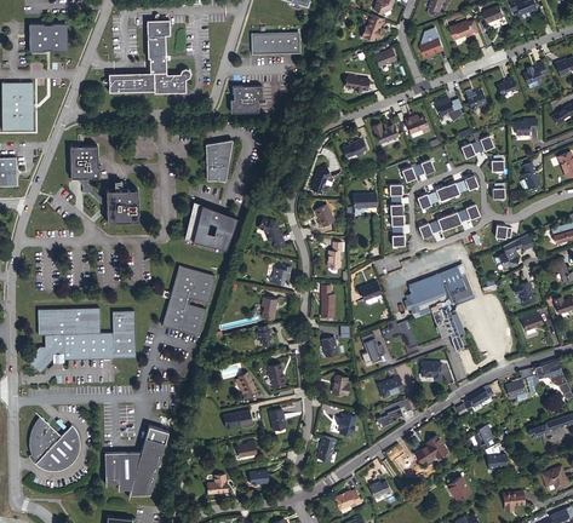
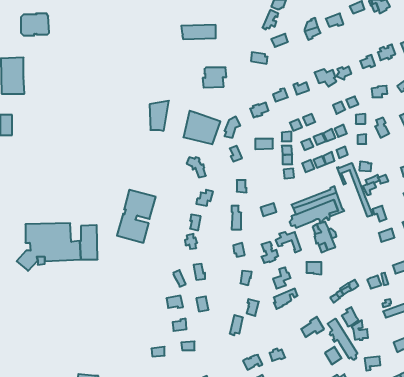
building: [109,21,191,93] -> none
building: [230,87,263,115] -> [203,67,226,88]
building: [67,146,139,222] -> none
building: [184,202,235,248] -> [183,111,220,144]
building: none -> [337,163,372,217]
building: [28,418,80,472] -> none
building: [104,427,168,496] -> none
building: none -> [328,319,357,360]

